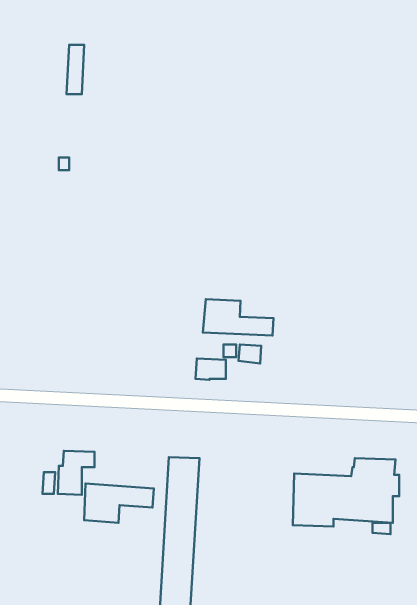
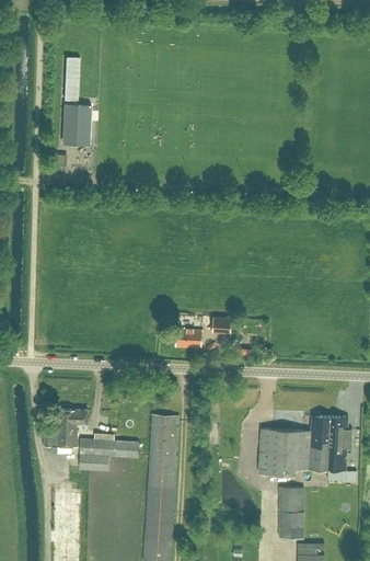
building: none -> [62,104,91,146]
building: [203,299,273,335] -> none
building: none -> [278,488,304,539]

